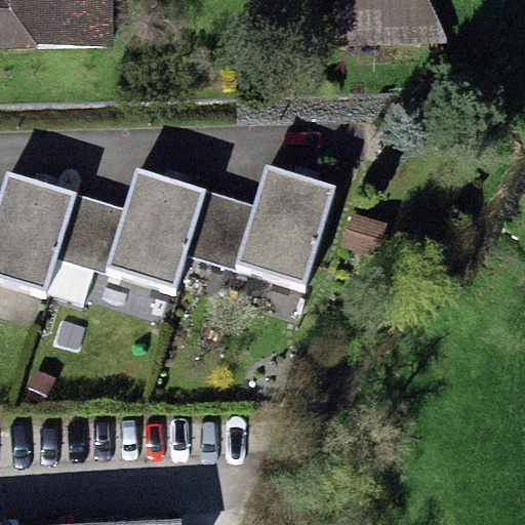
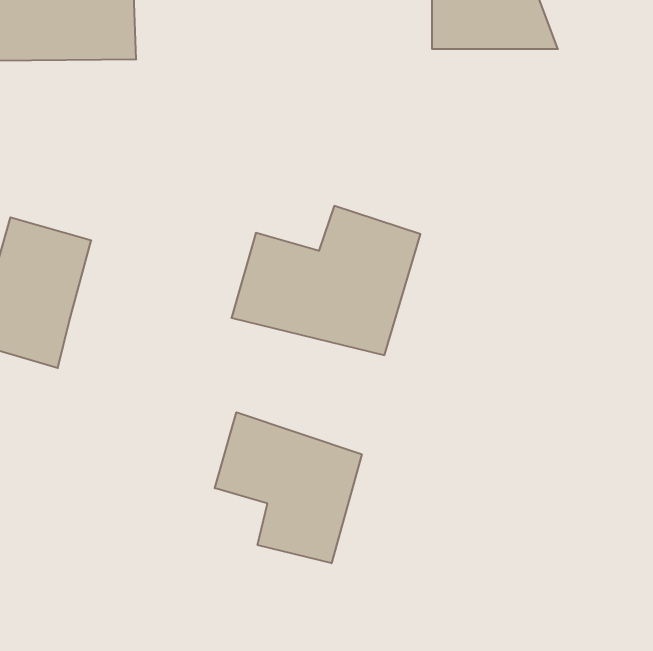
building: [55,168,204,290] -> none
building: none -> [215,412,362,563]

